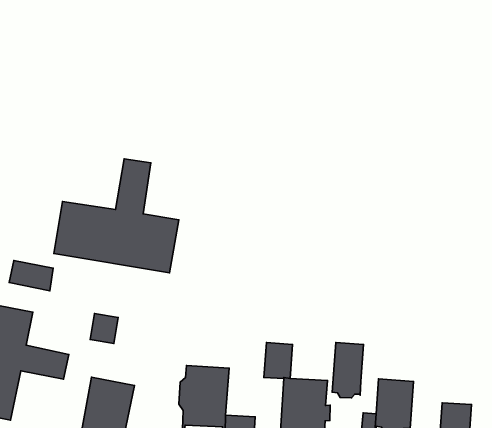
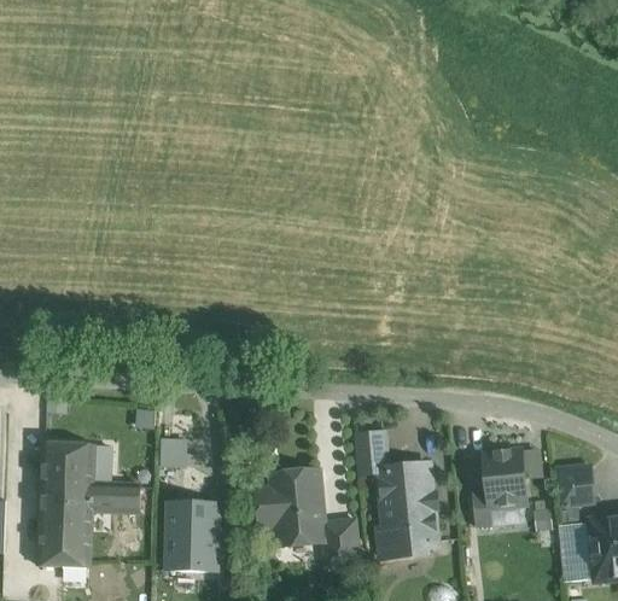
building: [54,159,179,273] -> none
building: [9,260,53,291] -> none
building: [332,342,364,398] -> none

